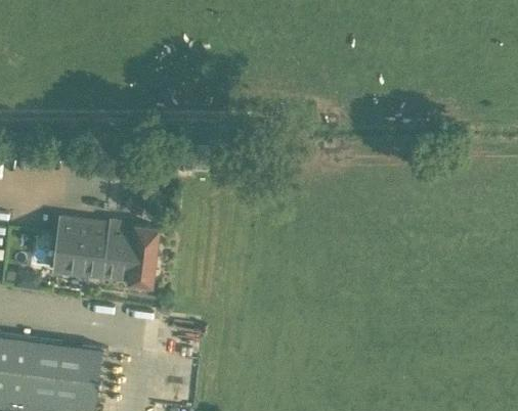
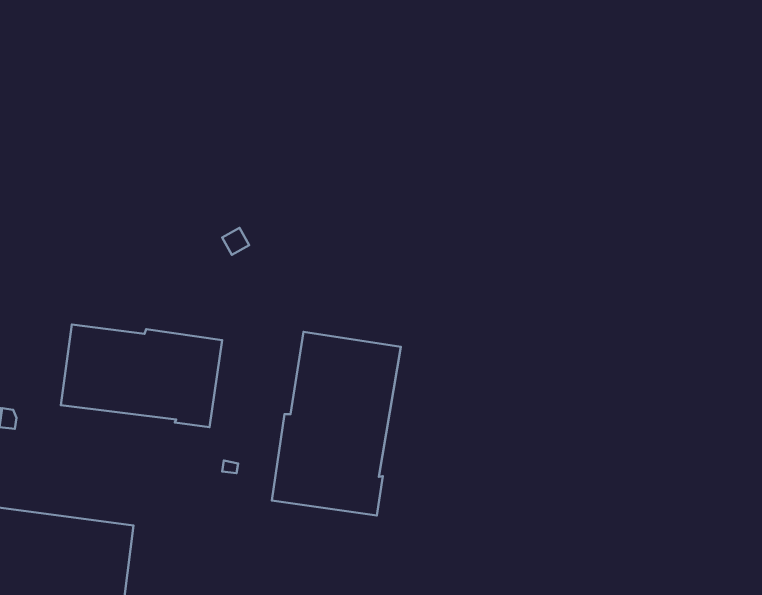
building: none -> [272,332,401,516]

